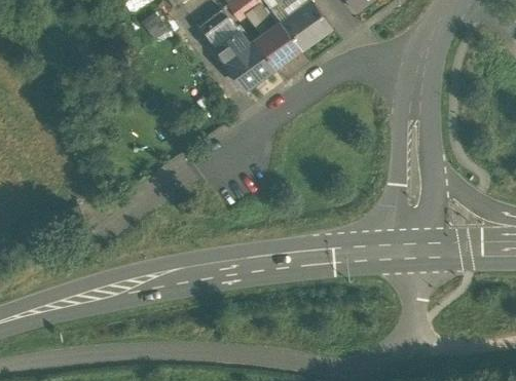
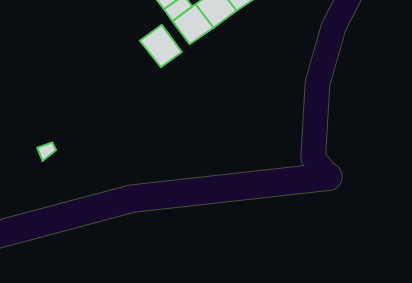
building: none -> [140,25,182,67]

